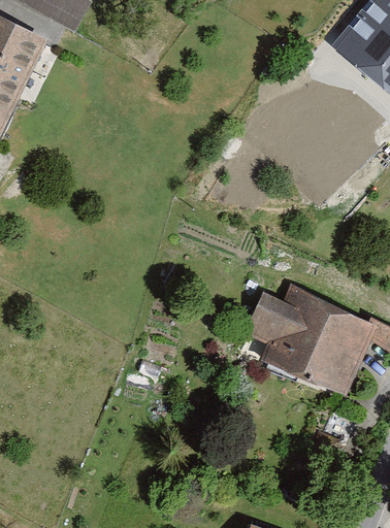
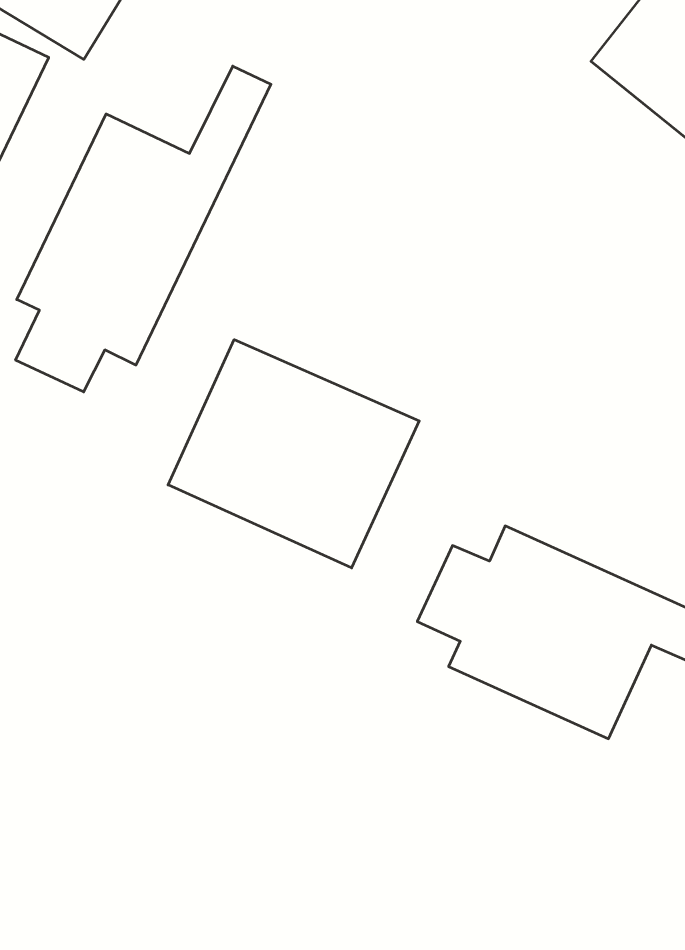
building: none -> [16,66,271,392]
building: none -> [168,340,419,568]

